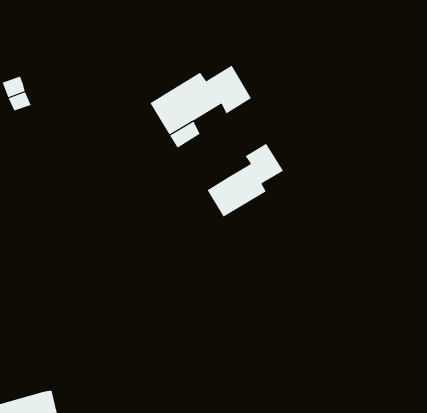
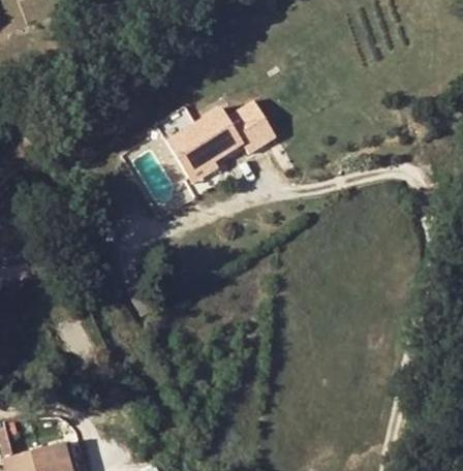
building: [207,143,284,217] -> none

